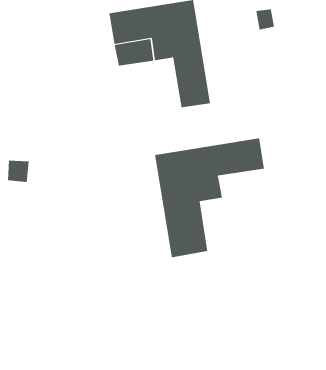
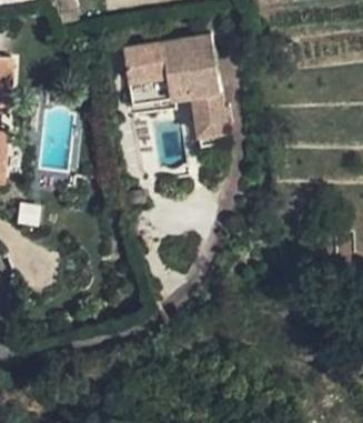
building: [155,137,264,258] -> none

